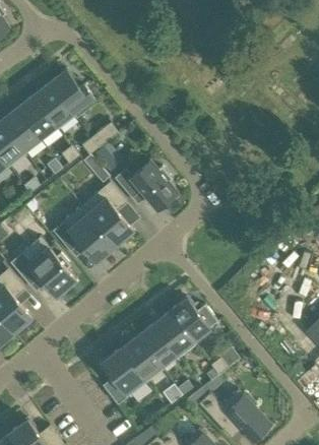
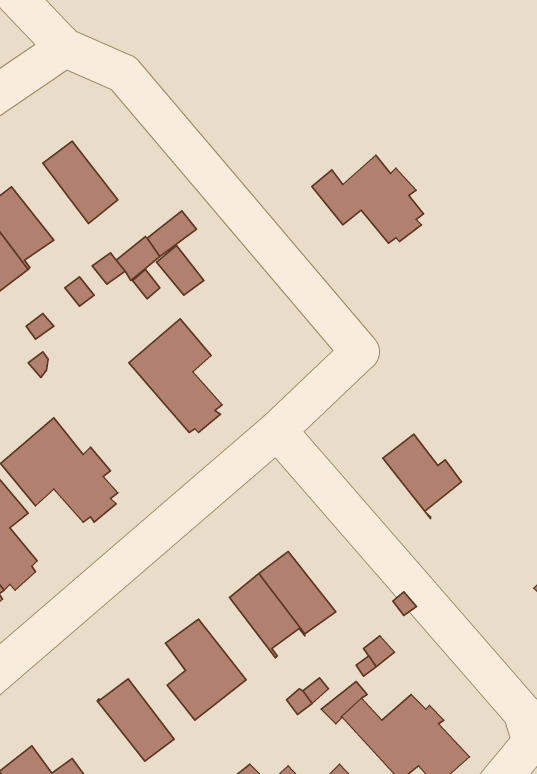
building: [49,71,92,117] -> none
building: [15,97,58,139] -> none
building: [114,161,176,209] -> [312,155,423,243]
building: [52,207,114,262] -> none
building: [169,299,212,345] -> [383,434,462,519]
building: [119,337,162,383] -> [97,679,174,761]

